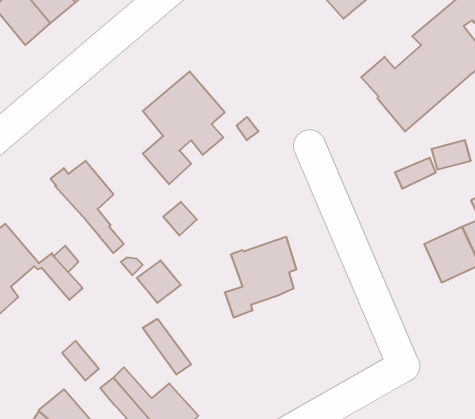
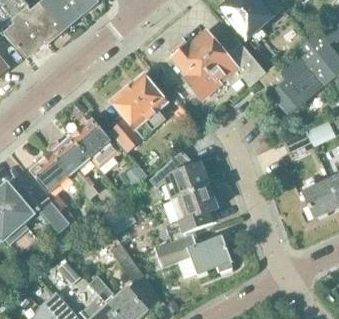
building: none -> [166,35,266,99]
building: none -> [71,113,120,168]
building: none -> [149,151,208,199]
building: none -> [26,152,71,193]
building: none -> [155,234,231,274]

